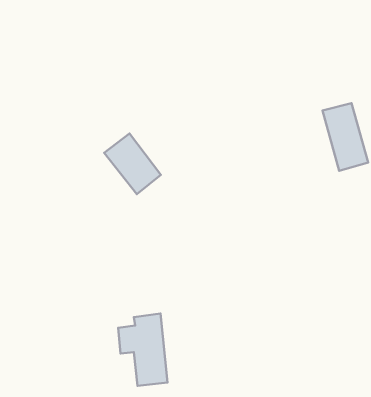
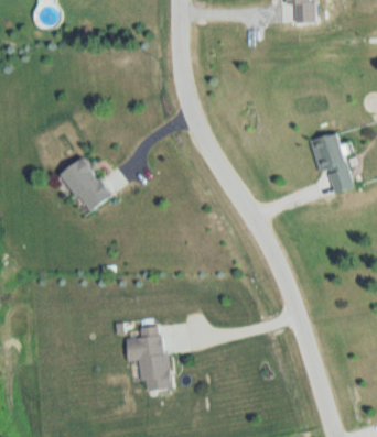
building: [104,134,161,194] -> [60,156,111,211]

